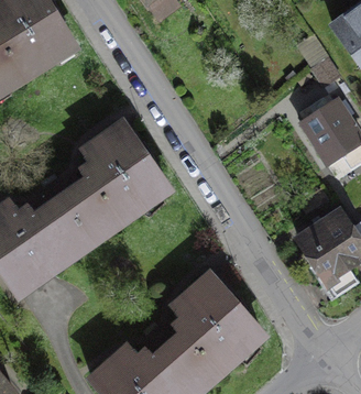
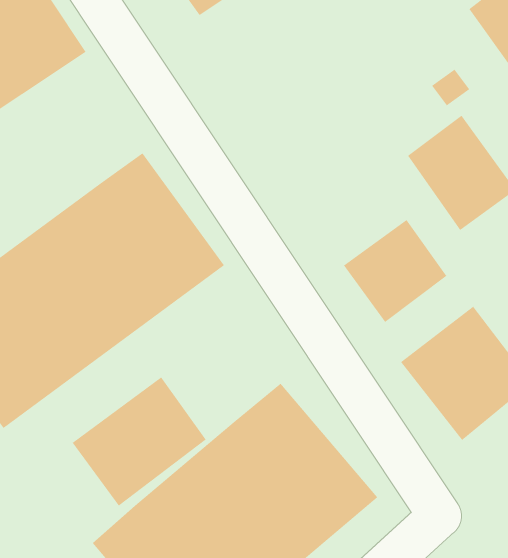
building: none -> [343,219,447,323]
building: none -> [72,376,206,506]

